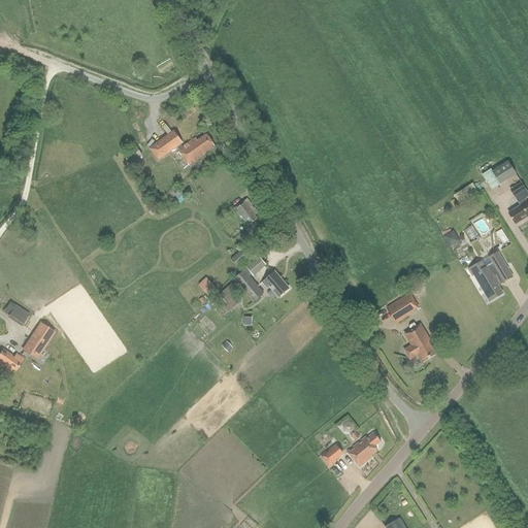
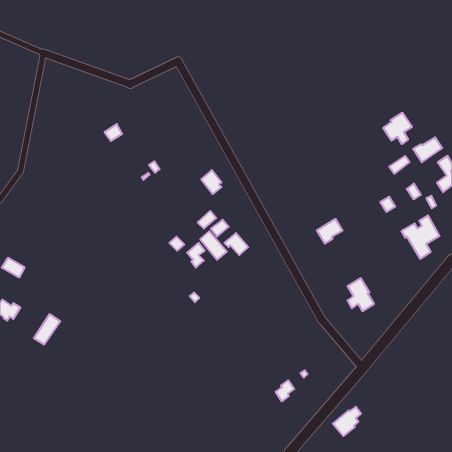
building: [150,131,214,165] -> none
building: none -> [383,113,412,144]
building: [388,293,418,322] -> [317,219,343,244]
building: [23,323,54,358] -> [34,314,60,344]
building: [346,432,380,466] -> [333,407,361,436]

